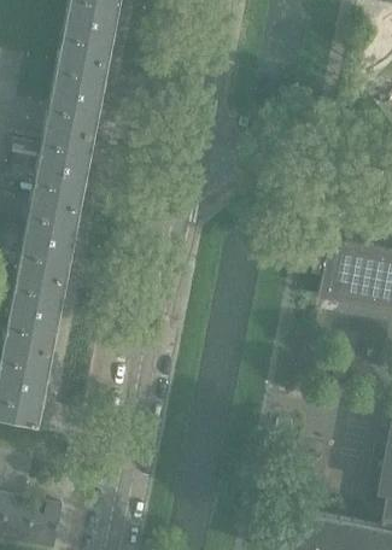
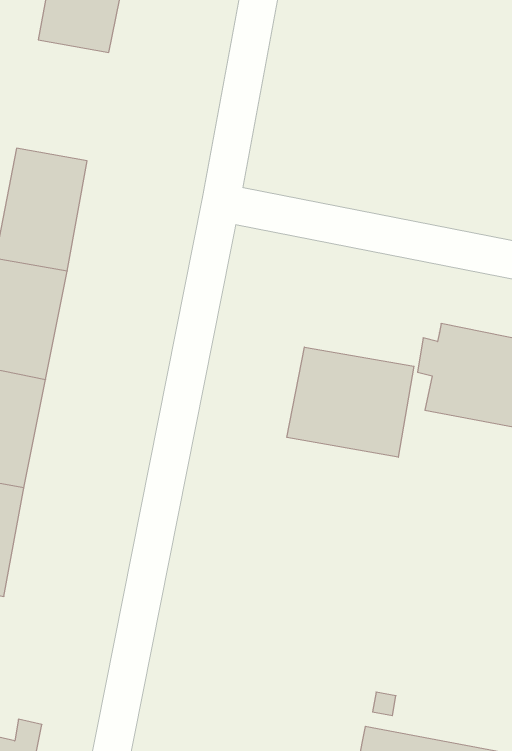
building: [47,51,109,131] -> none
building: none -> [287,347,414,457]

